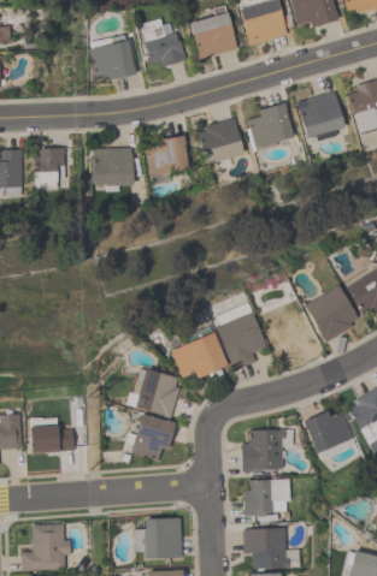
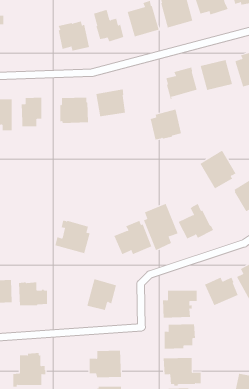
building: [198,118,245,164] -> [150,109,182,140]
building: [305,284,359,342] -> [200,150,237,189]
building: [128,368,181,417] -> [54,220,91,254]

